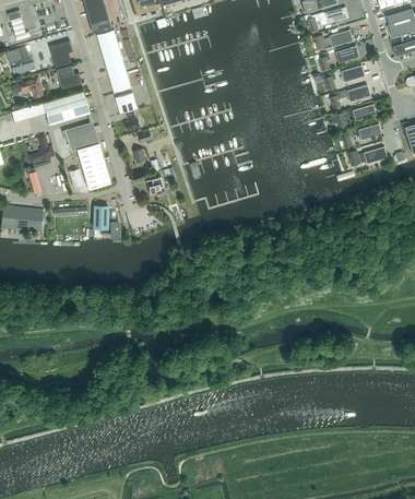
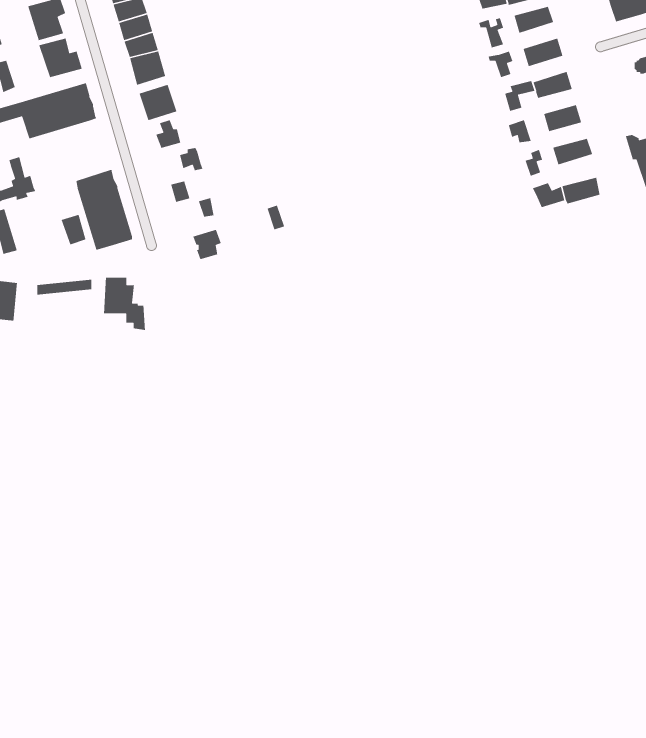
building: [62,121,98,151] -> none

